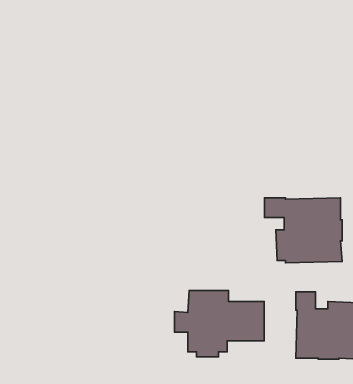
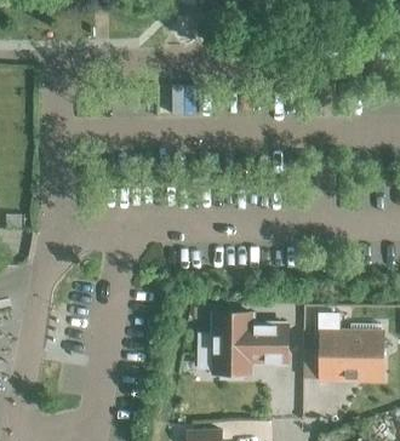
building: [265,198,342,263] -> none

